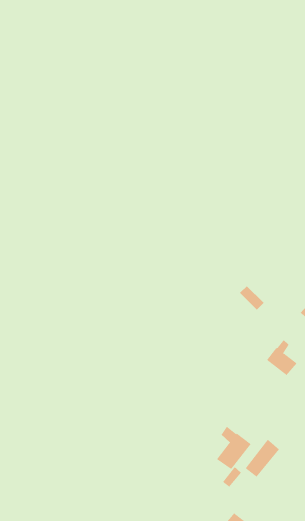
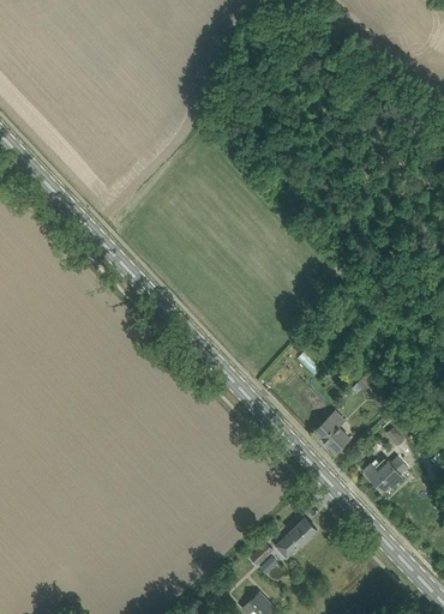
building: [216,426,252,470] -> none

